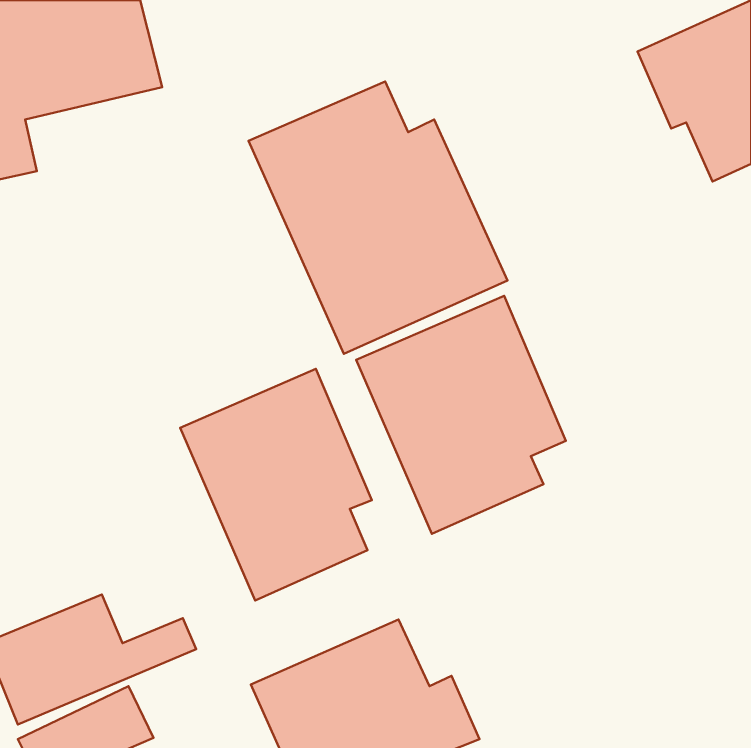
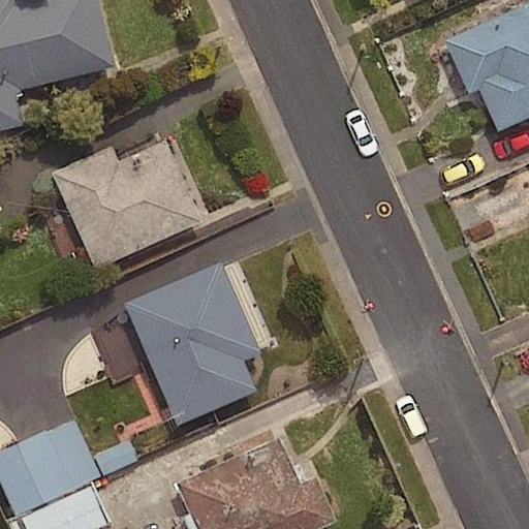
building: [249,81,507,354] -> none
building: none -> [52,141,203,270]
building: [356,296,566,534] -> none

